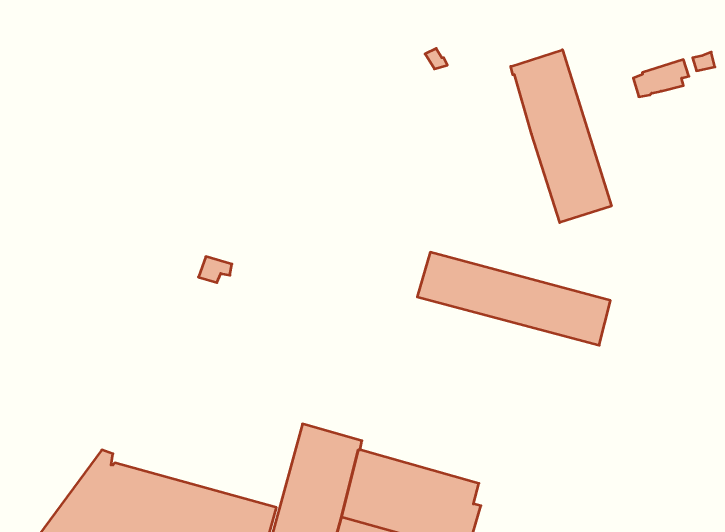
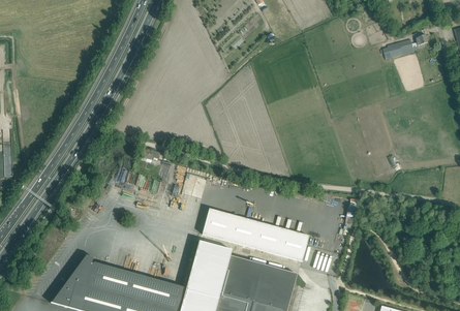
building: [511,50,611,223] -> none
building: [417,252,610,345] -> [202,209,309,260]

